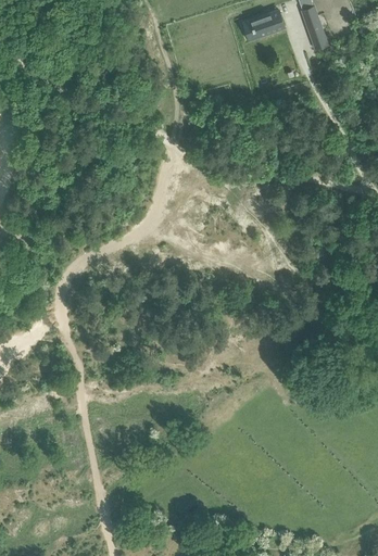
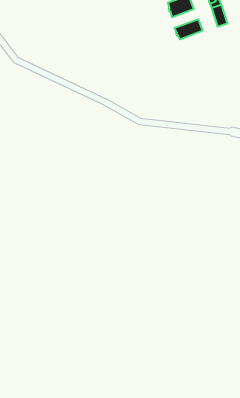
building: none -> [175,19,203,39]

